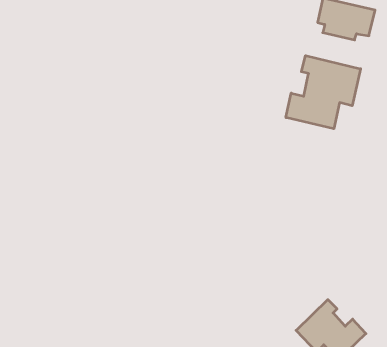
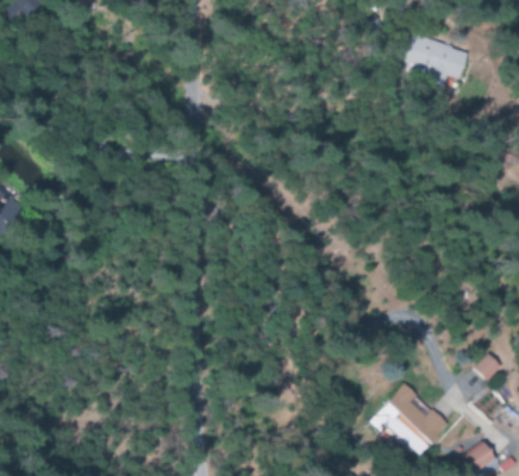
building: [286,56,361,129] -> none

